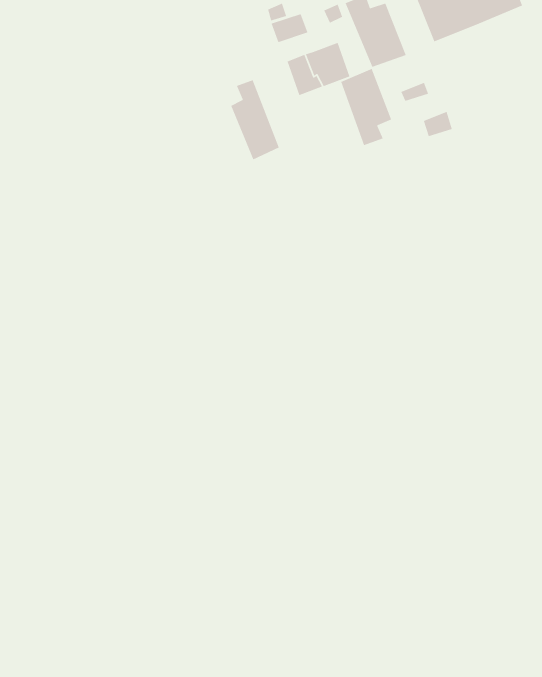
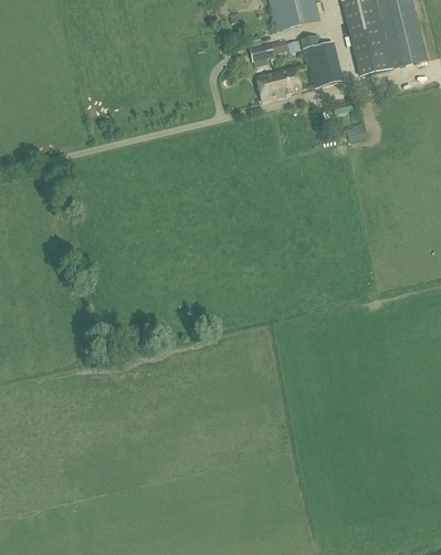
building: [340,68,392,146] -> none
building: [230,79,280,161] -> none

